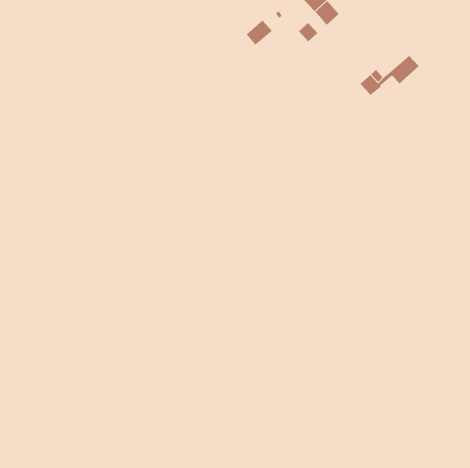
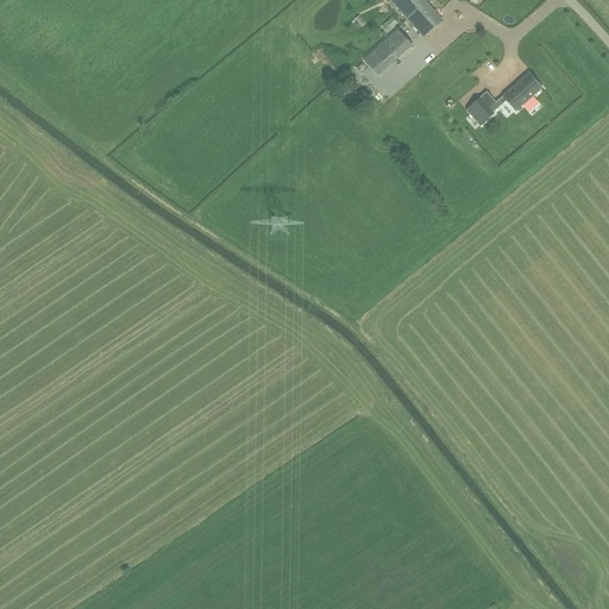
building: [246,20,273,46] -> [364,40,398,74]

